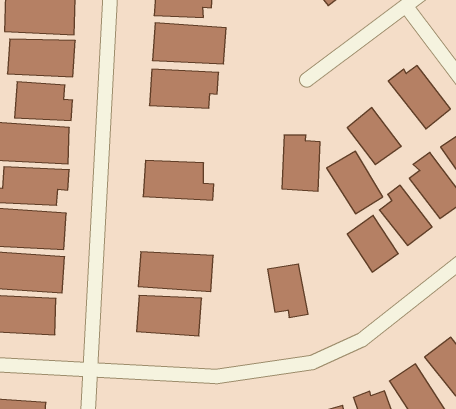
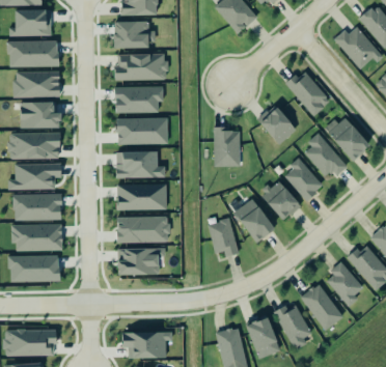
building: none -> [116,118,167,144]
building: [327,151,383,214] -> [233,198,275,243]
building: none -> [116,185,166,210]

